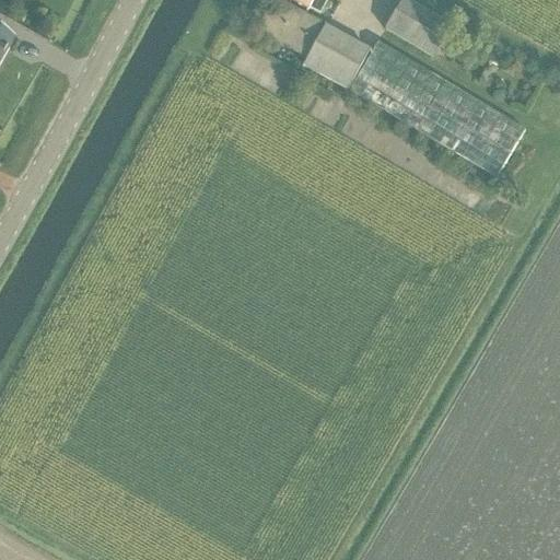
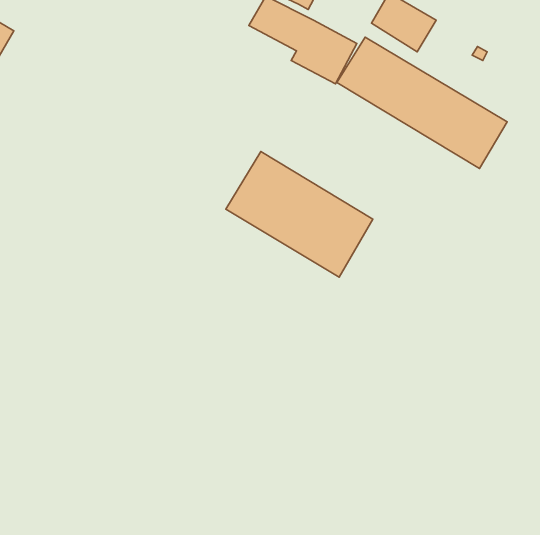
building: none -> [226,151,373,277]

